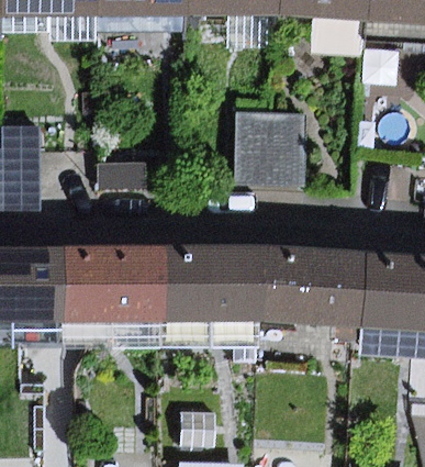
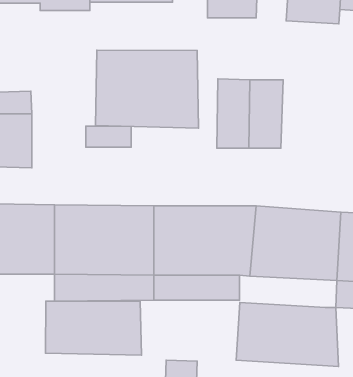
building: none -> [96,50,198,128]
building: none -> [45,301,142,355]
building: none -> [236,302,338,366]

